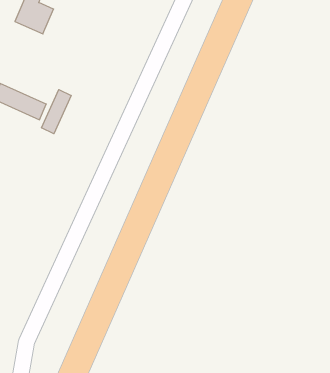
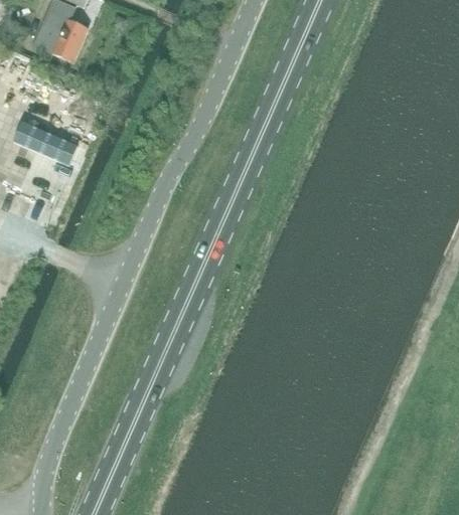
building: [42,90,71,134] -> none

